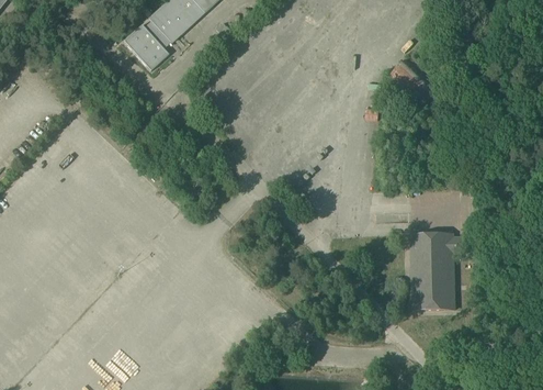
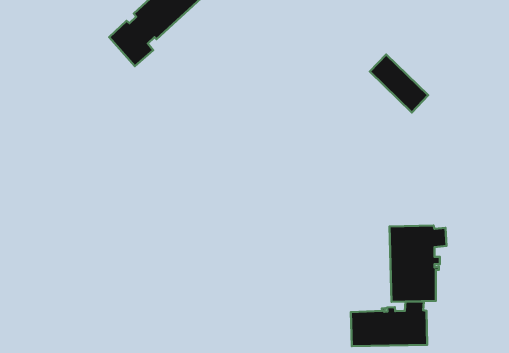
building: none -> [351,302,427,346]

